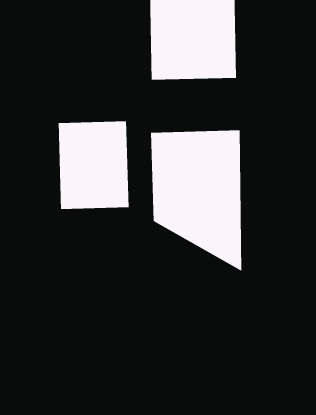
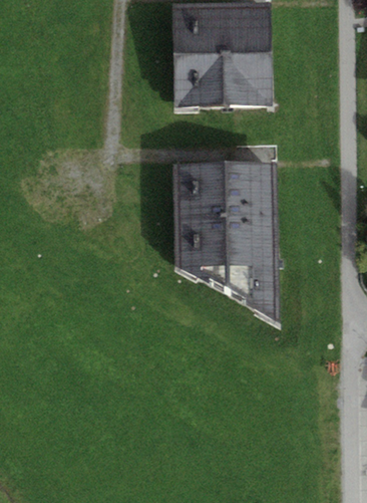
building: [58,120,129,210] -> none

